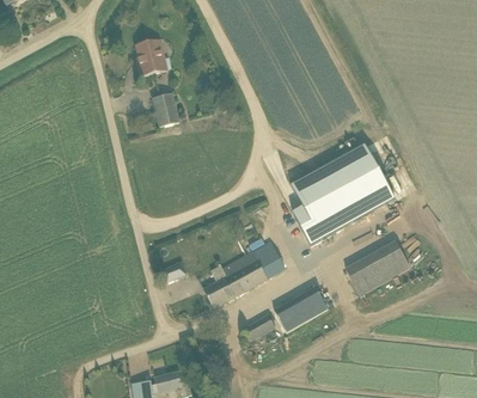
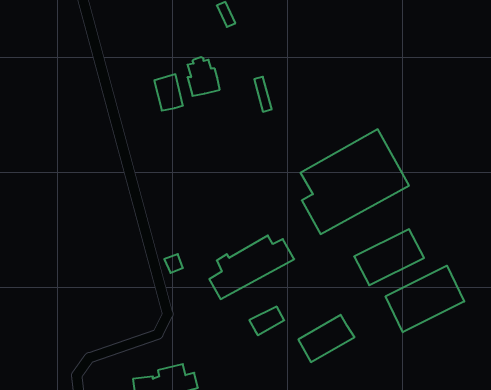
building: [135,37,166,74] -> [187,57,220,96]
building: none -> [386,266,464,332]
building: [275,286,329,331] -> [298,315,355,362]

